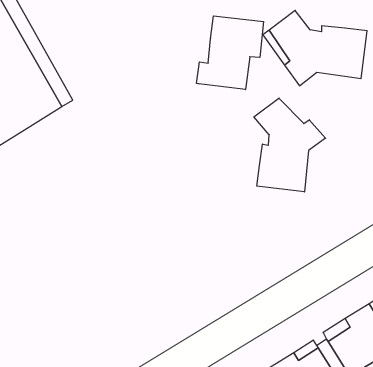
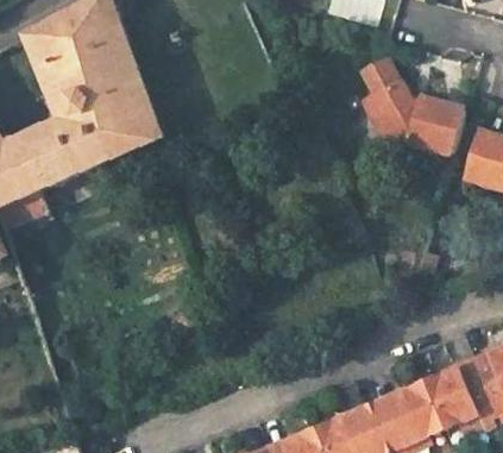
building: [196,16,264,90] -> none
building: [254,98,326,192] -> none

